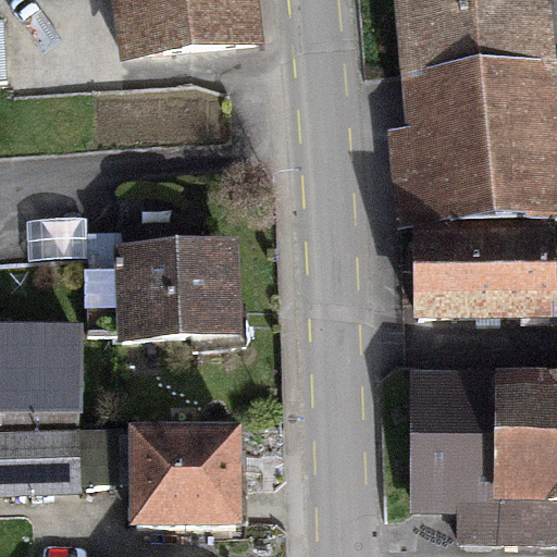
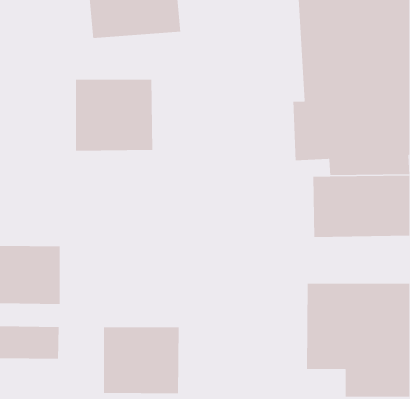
building: none -> [75,79,153,151]
building: [120,253,236,334] -> none

